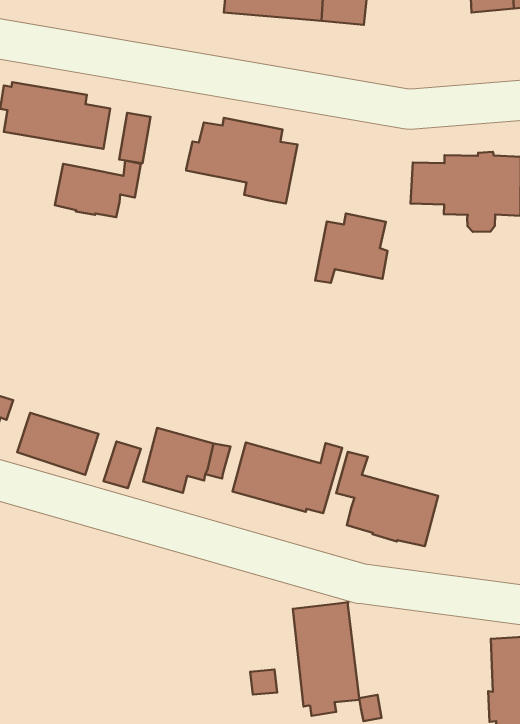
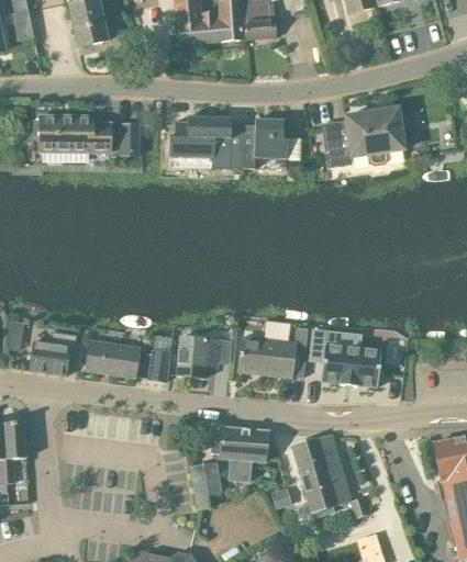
building: [55,160,141,217] -> none
building: [315,214,387,283] -> [242,117,288,167]
building: none -> [212,425,267,480]
building: none -> [189,461,222,508]

